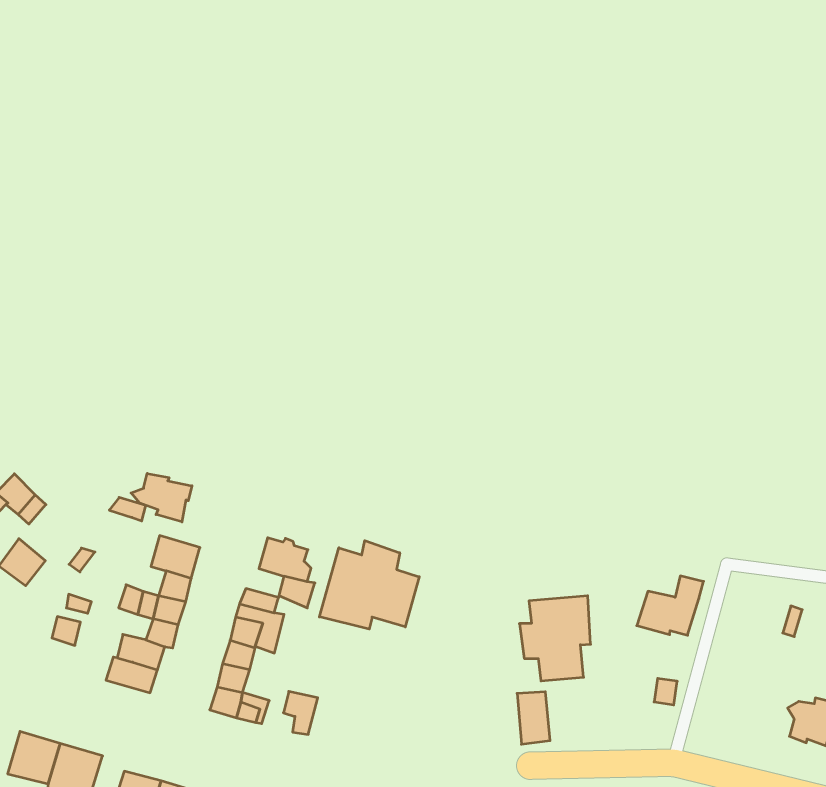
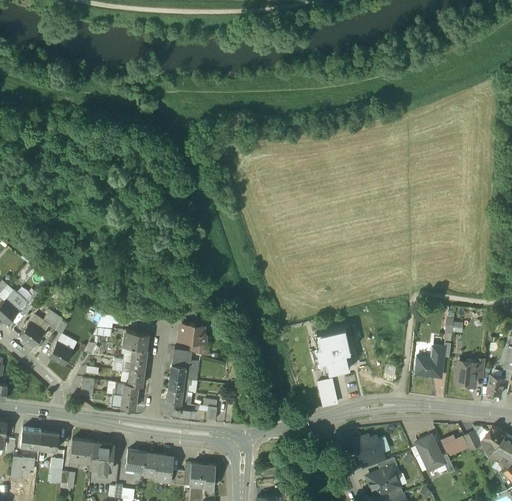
building: [131,473,192,522] -> none
building: [319,541,419,629] -> none
building: [637,576,704,635] -> [414,347,444,377]

